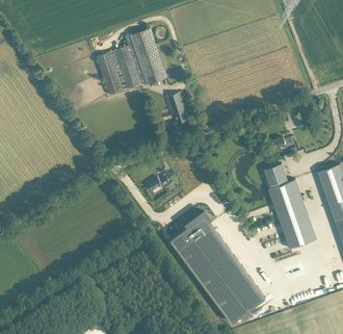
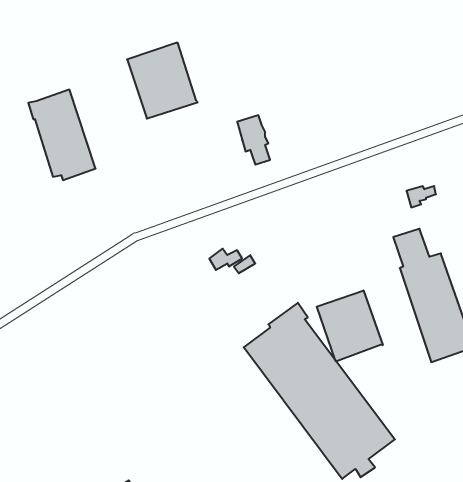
building: [124,27,166,84] -> [28,90,96,180]
building: none -> [317,290,383,361]

